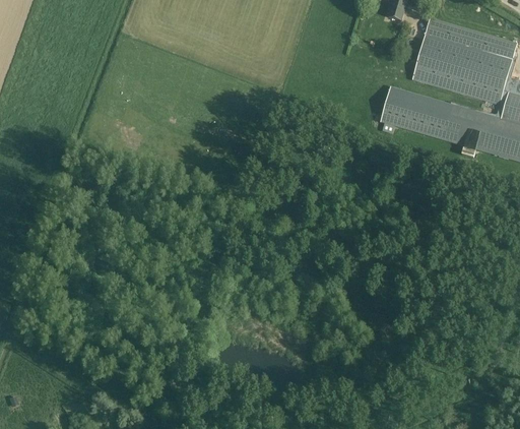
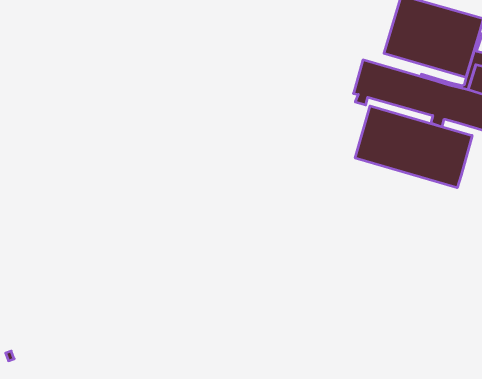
building: none -> [355,106,472,188]

